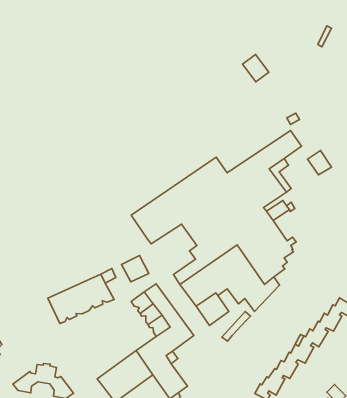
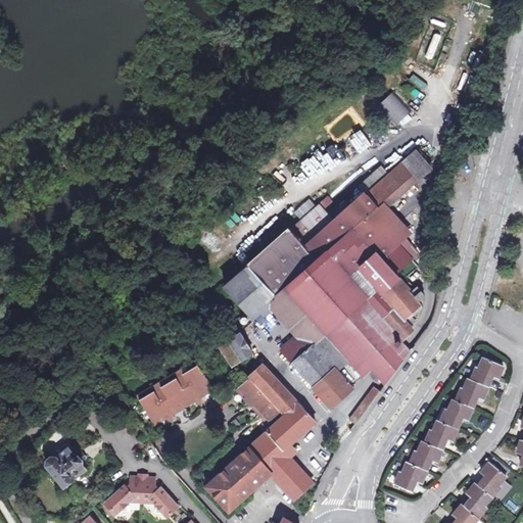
building: [242,54,269,82] -> [377,92,410,125]
building: [308,150,331,175] -> [403,151,433,181]
building: none -> [251,290,306,351]

